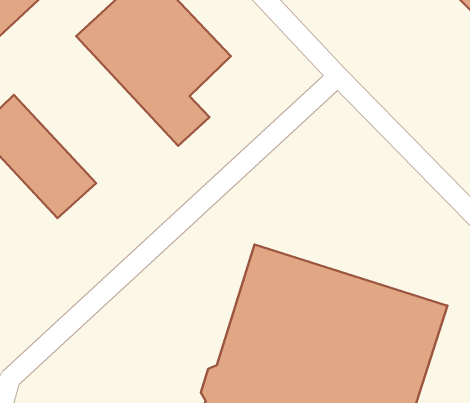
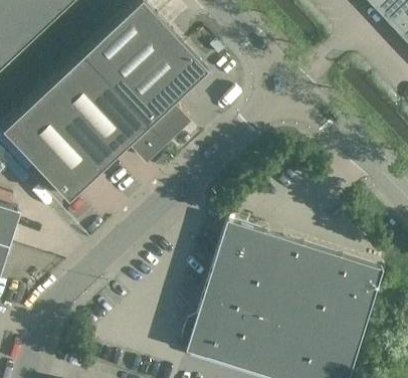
building: none -> [32,53,165,172]

